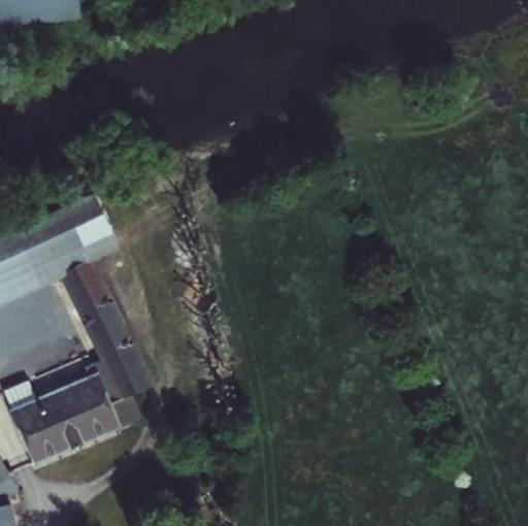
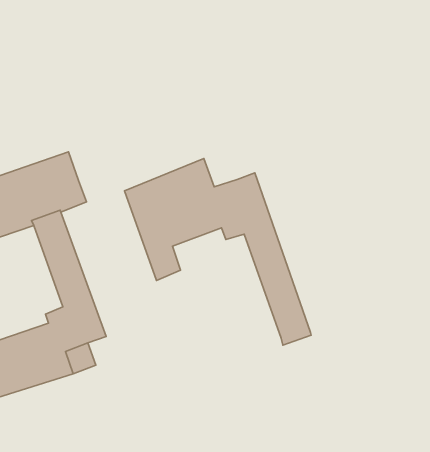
building: none -> [124,158,311,345]

